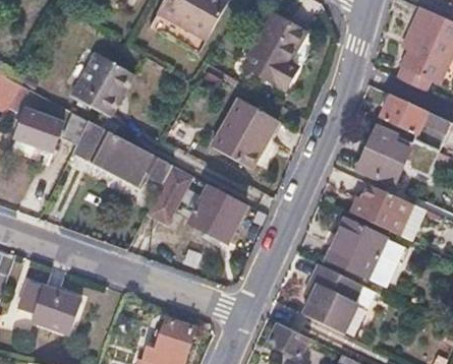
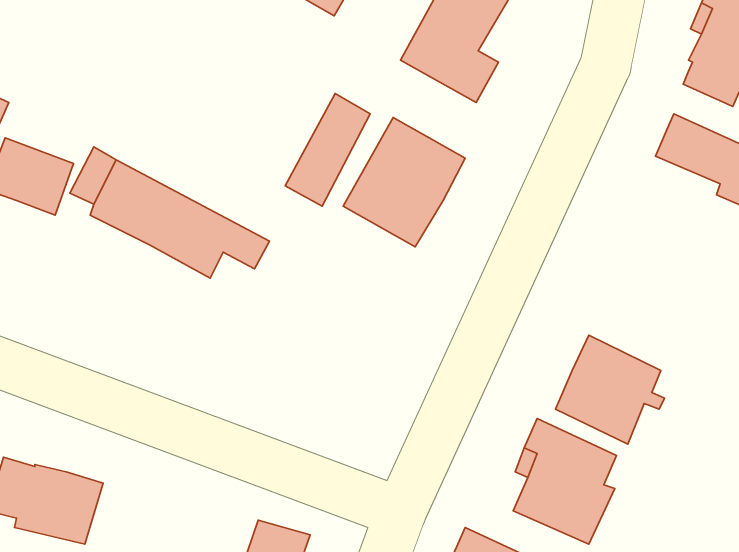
building: [70,55,132,119] -> none
building: [356,127,409,180] -> none
building: [149,164,195,226] -> [285,94,370,206]
building: [350,184,410,234] -> none
building: [187,188,241,242] -> none

